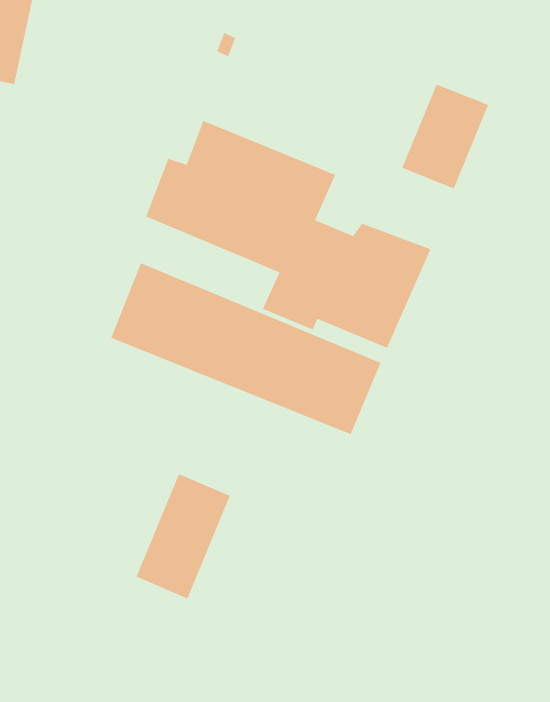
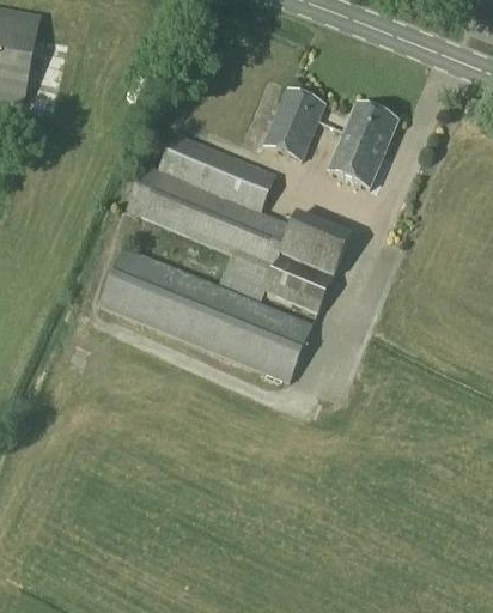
building: none -> [262,86,327,162]
building: [136,473,231,599] -> none

